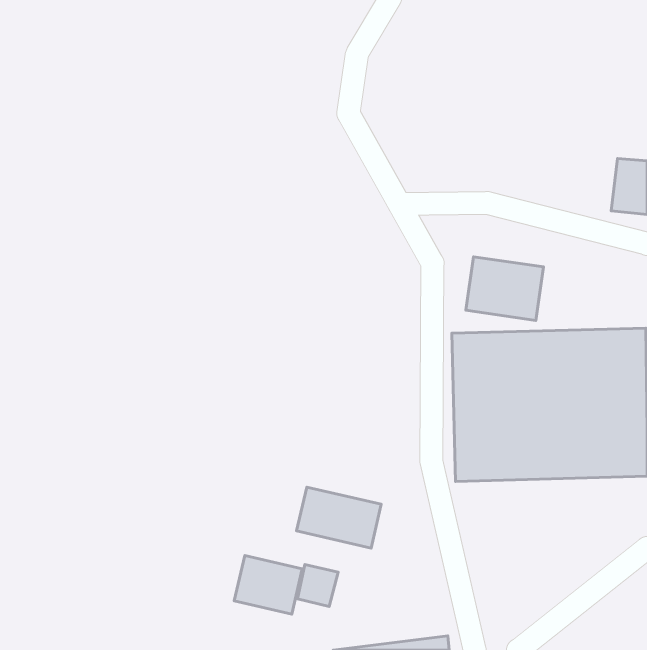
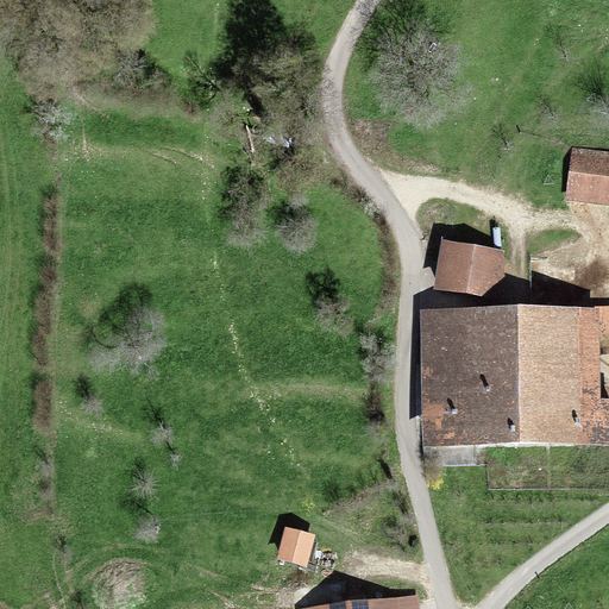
building: [297,487,381,548] -> none
building: [234,556,302,614] -> none

